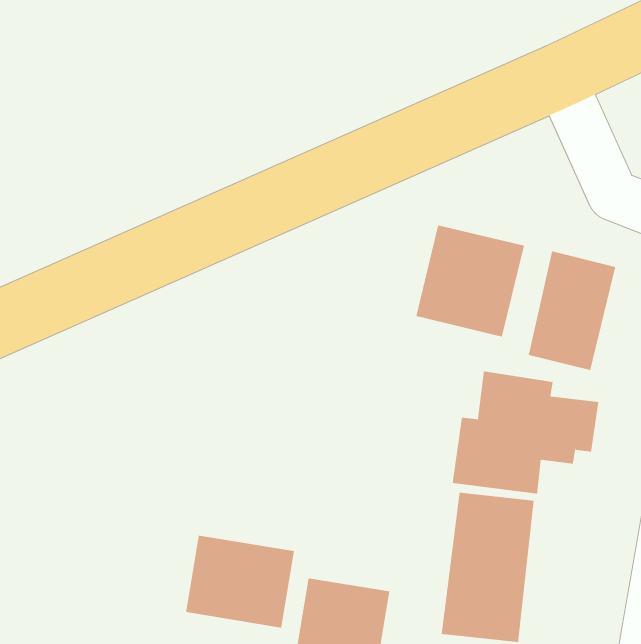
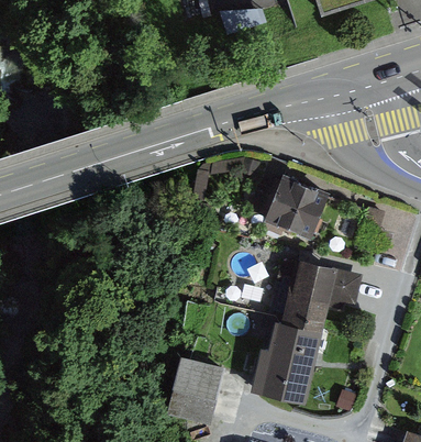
building: [528,250,616,371] -> none
building: [186,535,294,628] -> none

